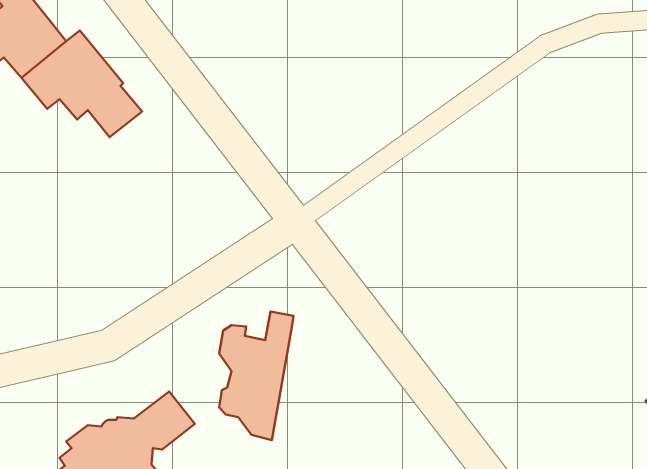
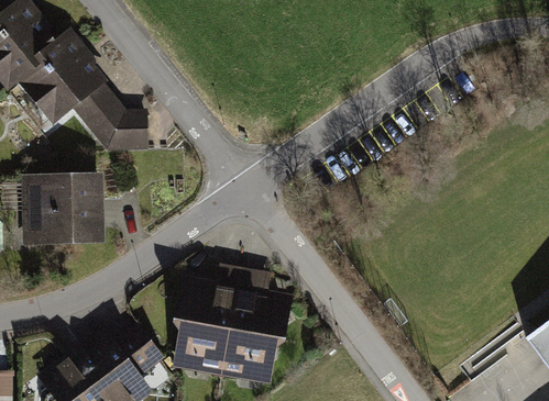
building: none -> [96,114,146,147]
building: none -> [28,180,101,240]
building: none -> [223,278,288,374]

